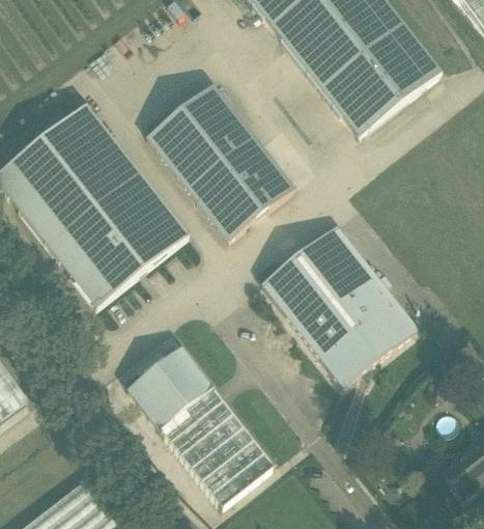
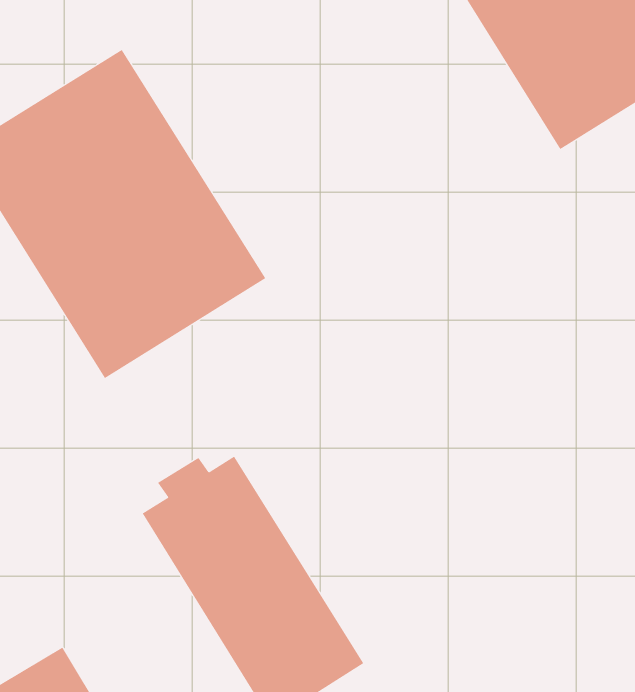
building: [145,85,293,241] -> none
building: [261,223,419,387] -> none

